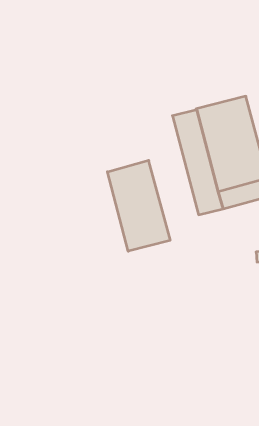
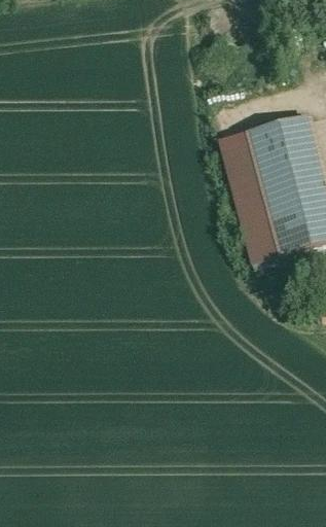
building: [107,160,170,251] -> none

